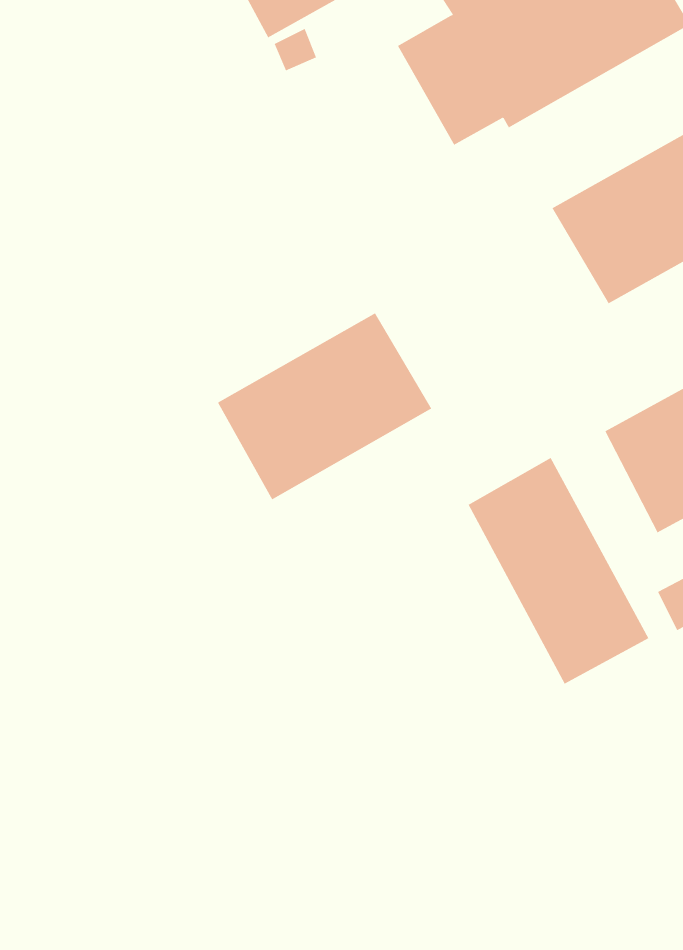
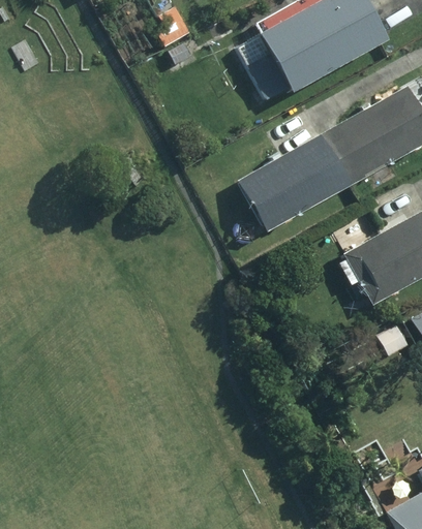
building: [217,312,432,500] -> [235,134,349,234]
building: [468,457,649,685] -> none

